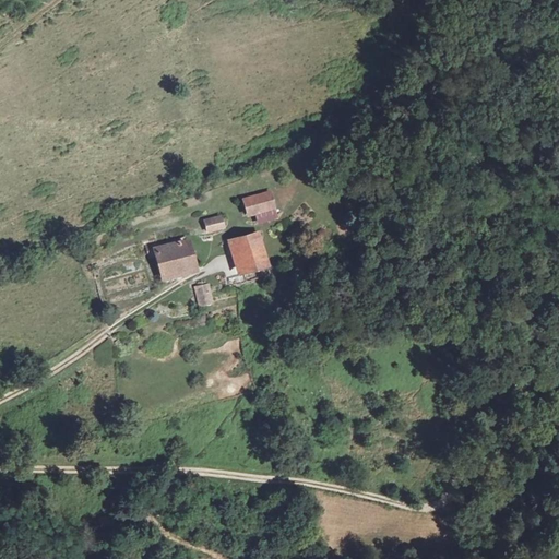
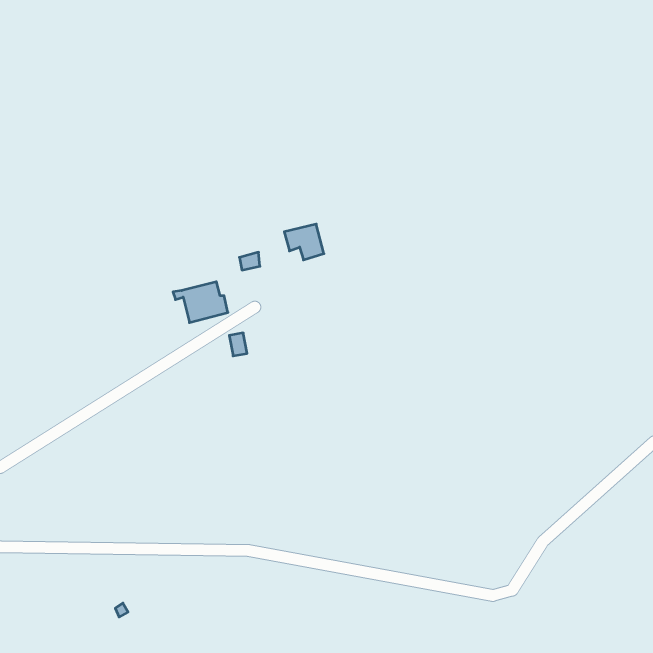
building: [228,231,262,272] -> none

